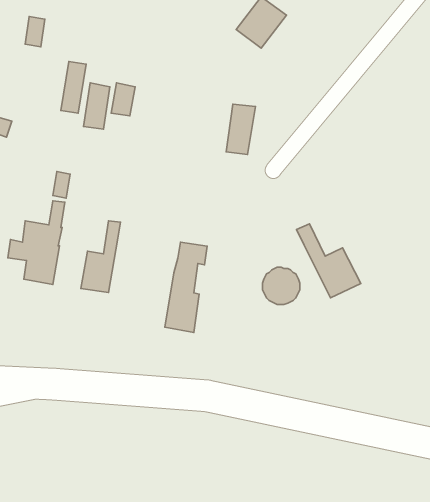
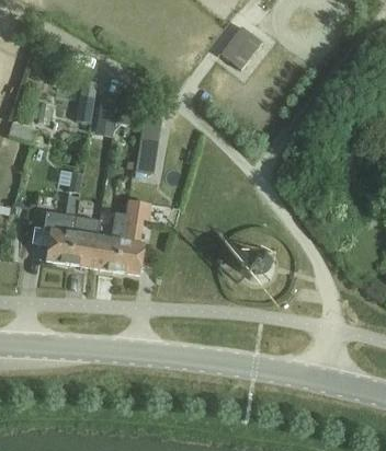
building: [226,104,255,154] -> [134,130,158,172]
building: [296,224,361,298] -> none
building: none -> [69,216,100,266]
building: [165,242,207,333] -> [115,199,150,274]

